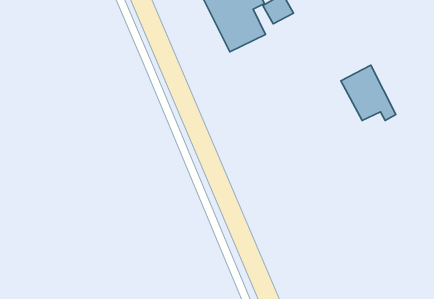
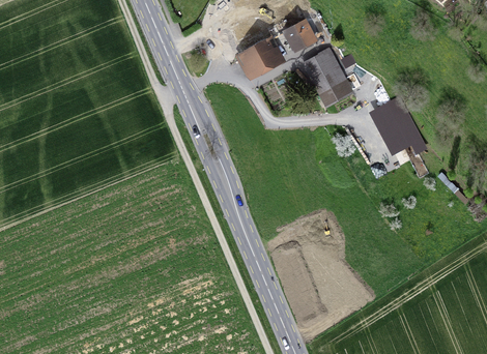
building: none -> [304,50,352,106]

